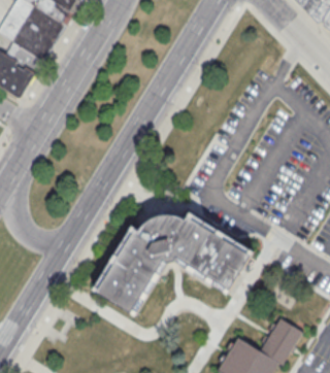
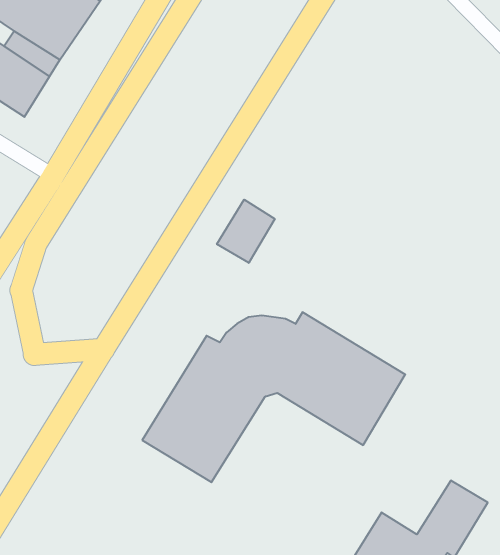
building: none -> [217,200,275,263]

